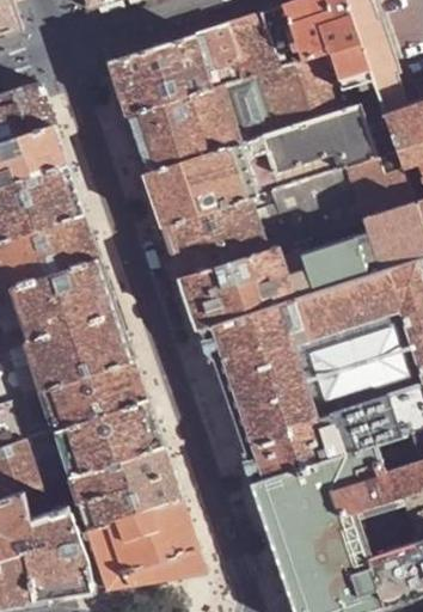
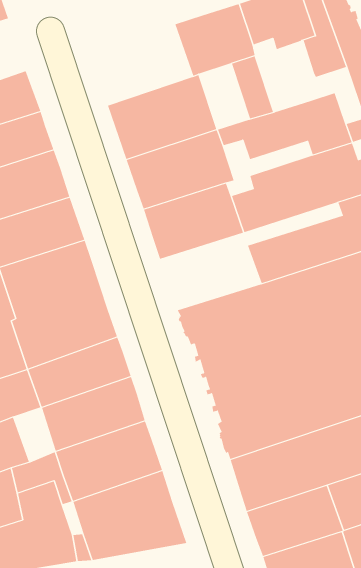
building: [105,35,213,118] -> none
building: [277,51,337,126] -> none
building: [219,75,271,143] -> none
building: [244,154,336,196] -> none
building: [178,250,283,330] -> none
building: [27,430,70,486] -> none

